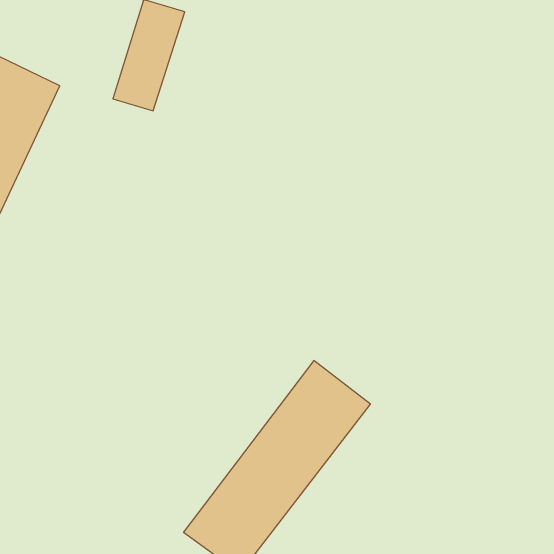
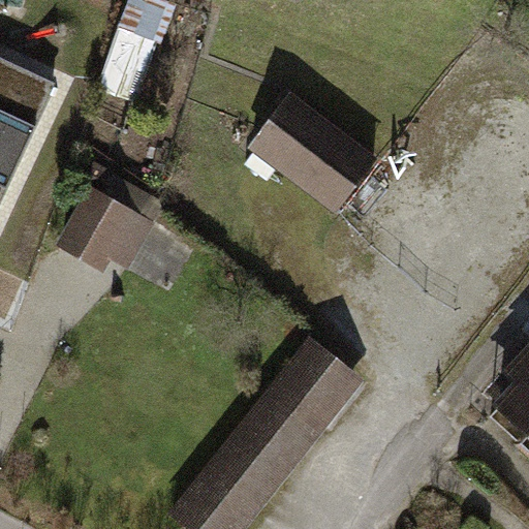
building: none -> [246,92,378,219]
building: none -> [54,167,161,273]

